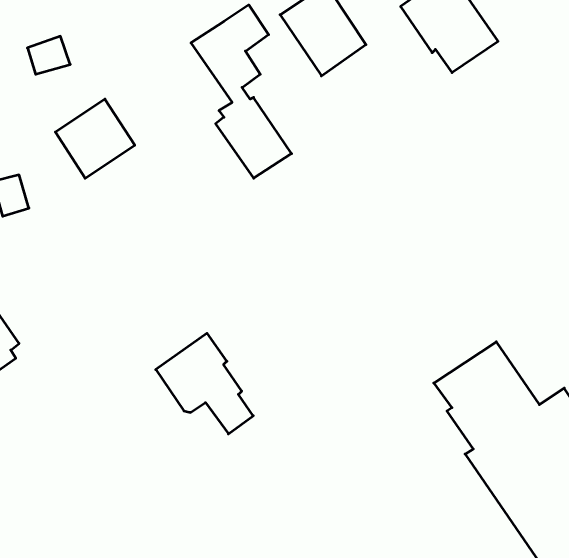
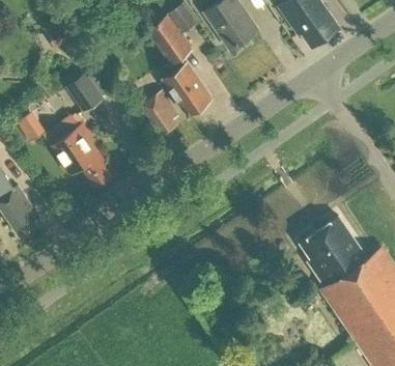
building: none -> [140,91,178,135]
building: [156,333,253,434] -> [50,123,111,187]

